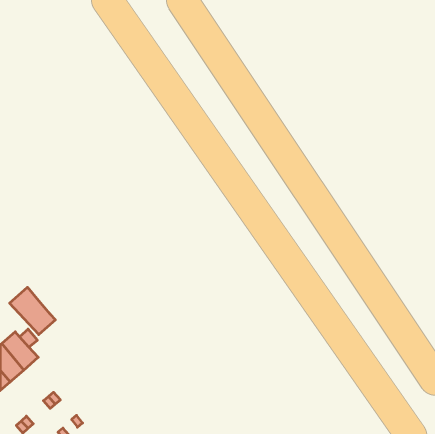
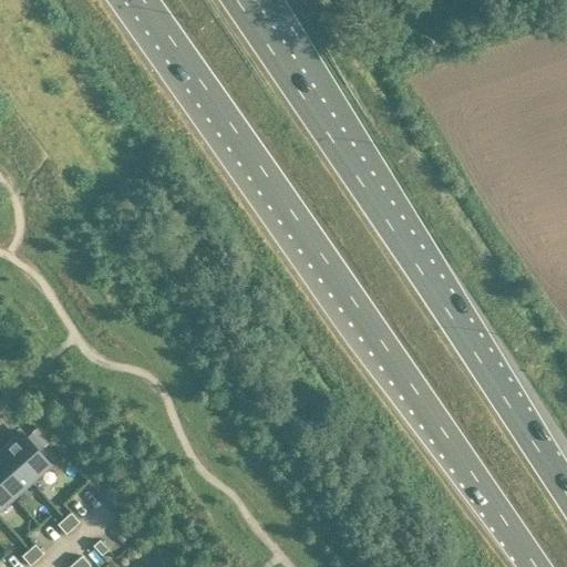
building: [10,287,55,335] -> none

